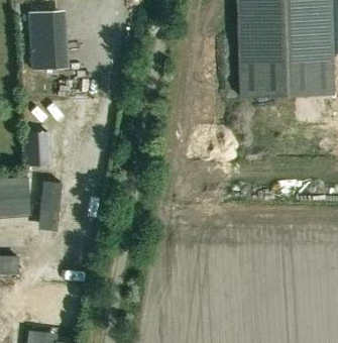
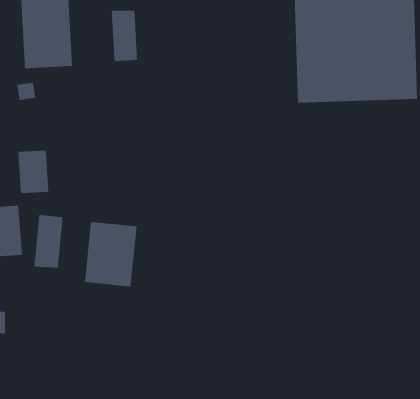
building: none -> [111,10,137,62]
building: none -> [84,221,137,287]

